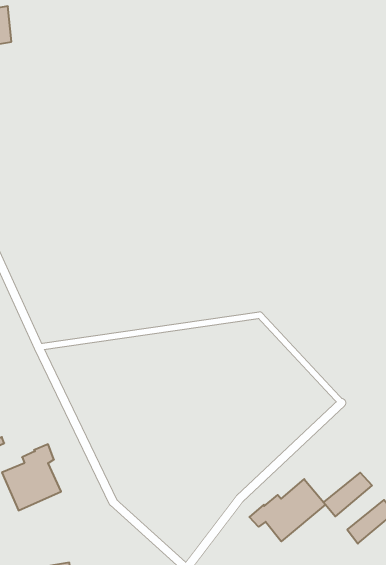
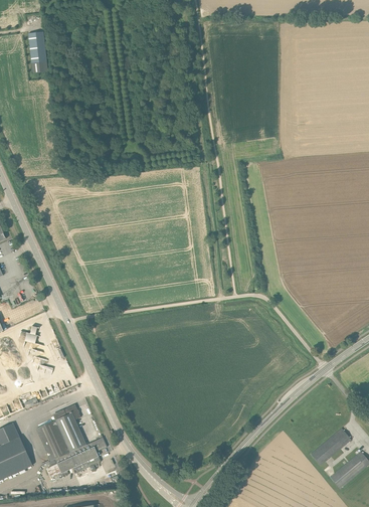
building: [249,479,326,541] -> none
building: none -> [47,437,108,477]

